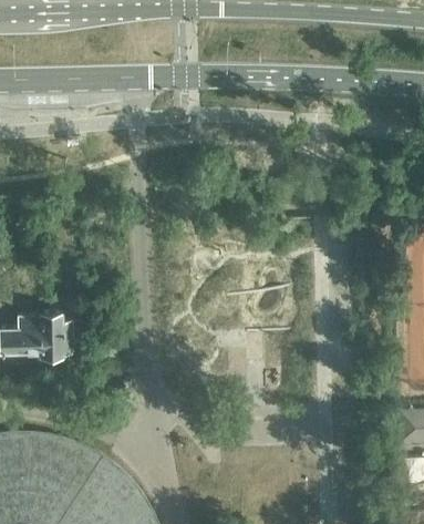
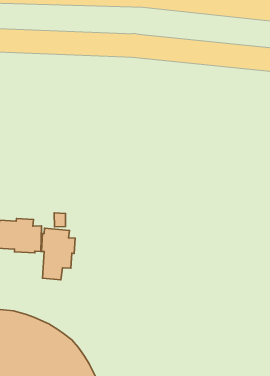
building: none -> [42,228,75,280]

